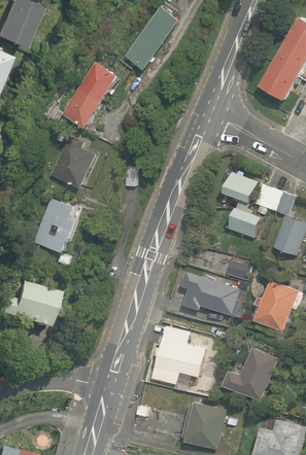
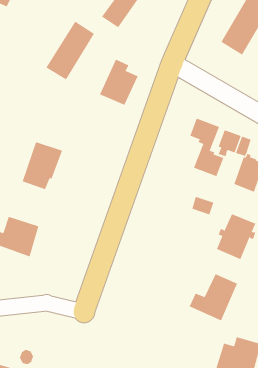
building: [53,135,97,187] -> [99,59,138,105]
building: [182,271,242,316] -> none
building: [154,325,208,386] -> none
building: [183,400,230,448] -> none

